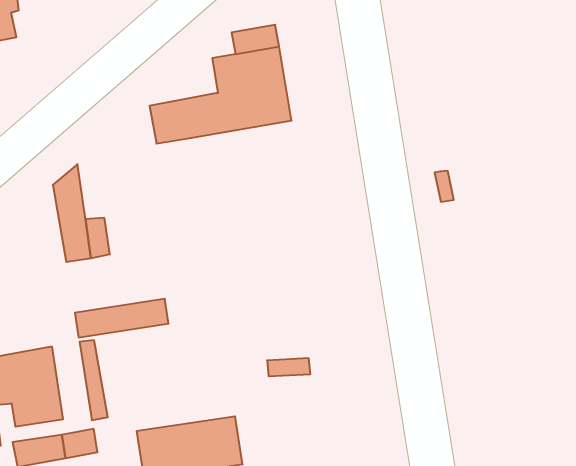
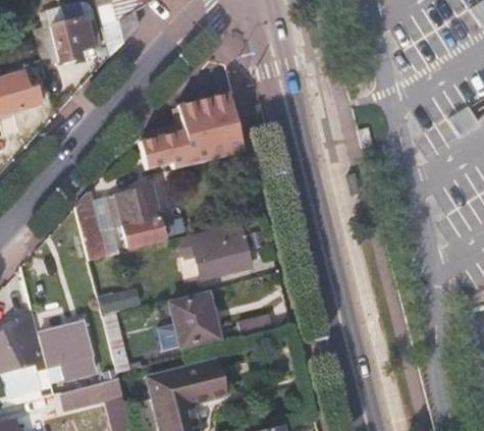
building: none -> [109,186,164,248]
building: none -> [183,223,250,276]
building: none -> [167,295,219,347]

